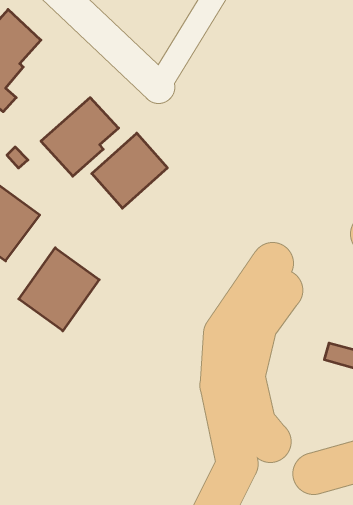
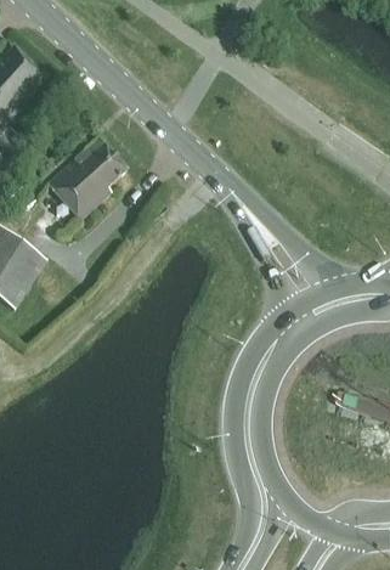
building: [92,133,167,208] -> none
building: [19,248,99,331] -> none

